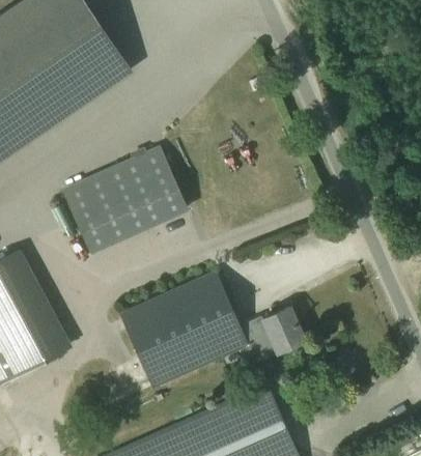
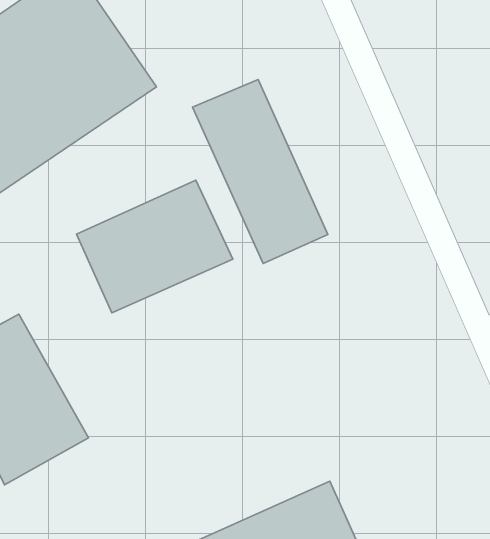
building: none -> [192,79,328,264]
building: [120,273,303,386] -> none

